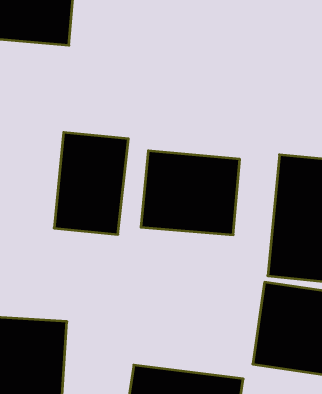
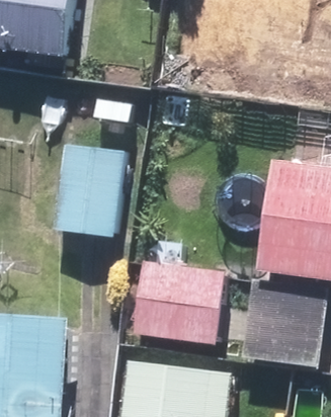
building: [141,151,240,235] -> [132,259,226,339]

